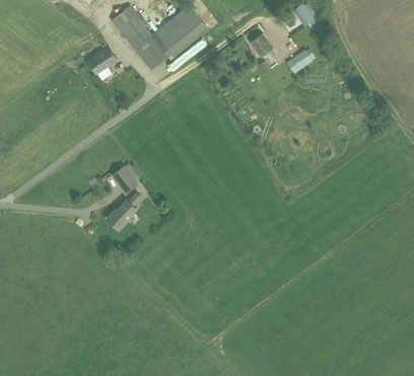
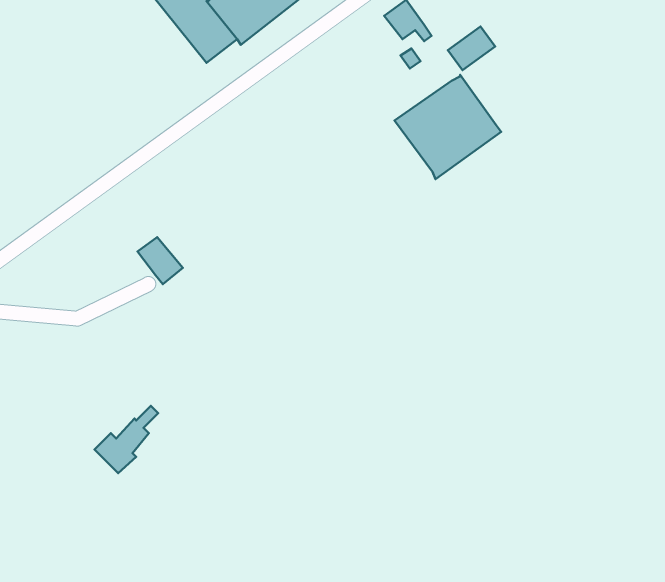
building: [87,46,118,73] -> none
building: none -> [395,75,501,179]
building: [106,193,141,230] -> [94,406,158,473]

